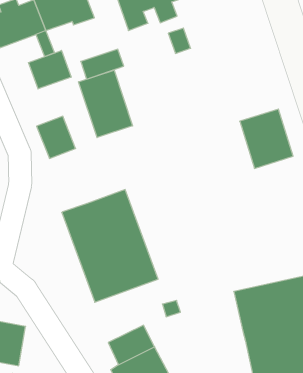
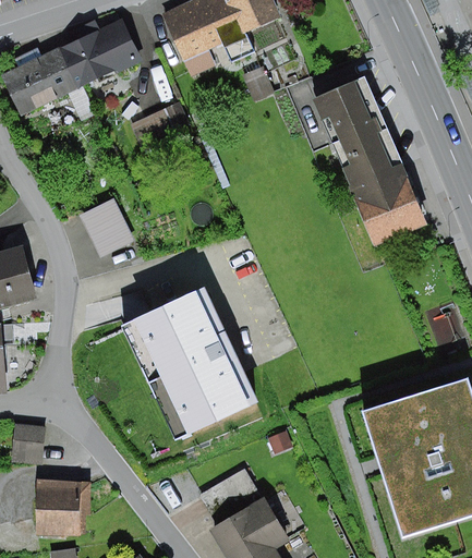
building: none -> [313,76,399,183]
building: [28,50,71,89] -> none
building: [79,70,133,138] -> none

